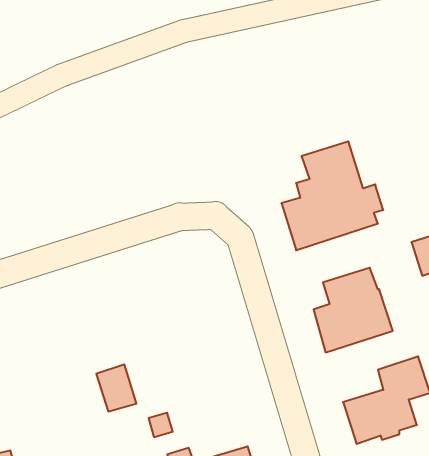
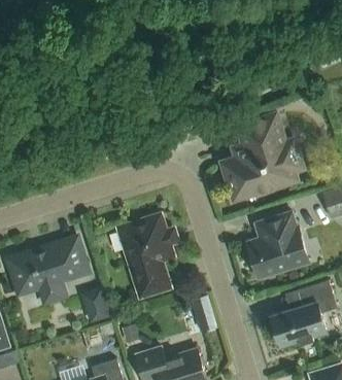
building: none -> [118,212,172,296]
building: none -> [13,244,85,302]

